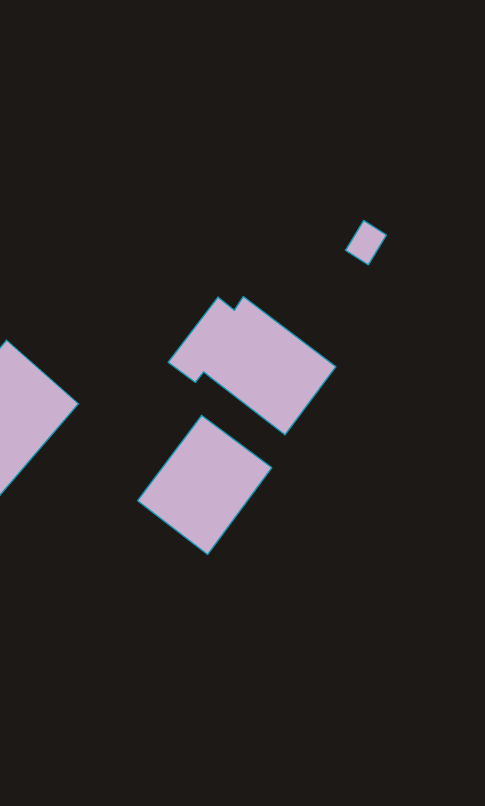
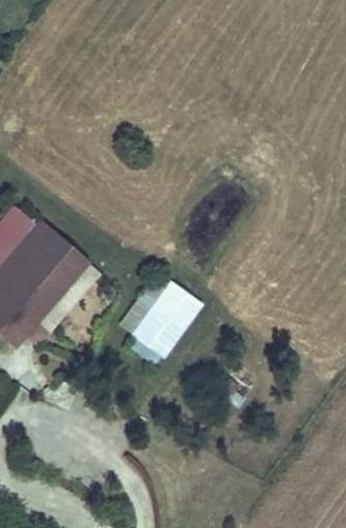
building: [168,297,336,435] -> none

